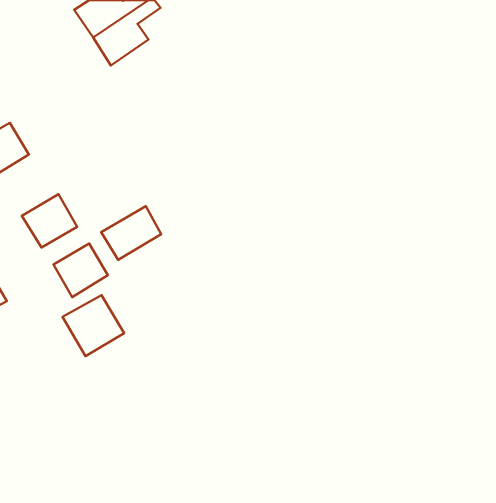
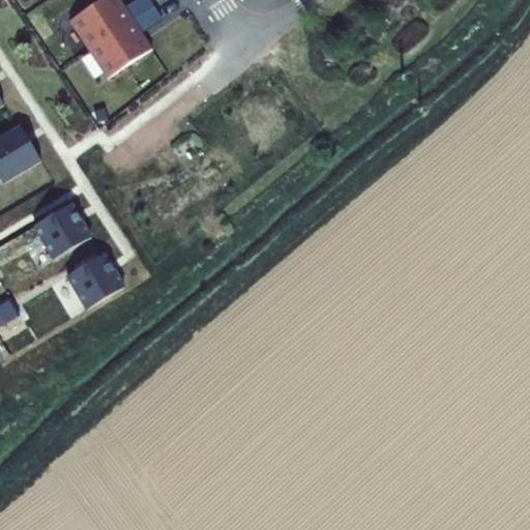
building: [101,206,161,260] -> none
building: [63,295,124,356] -> none

